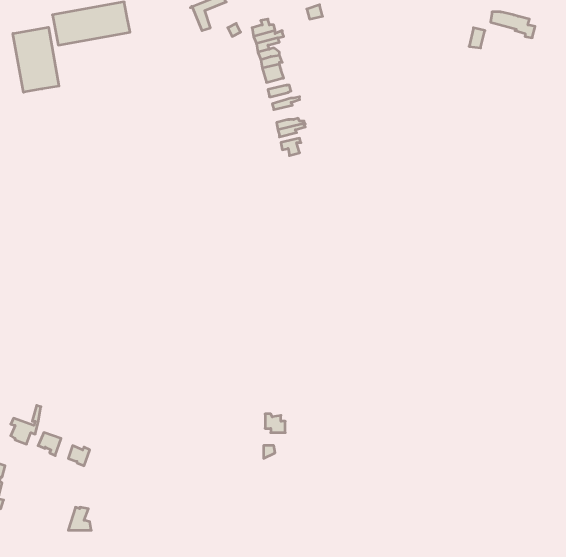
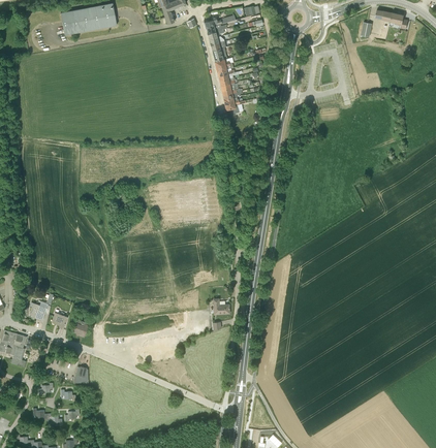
building: [13,27,59,92] -> none

